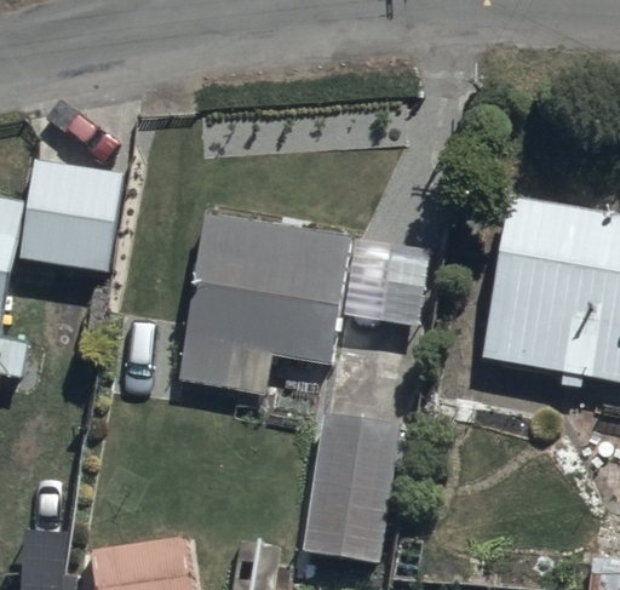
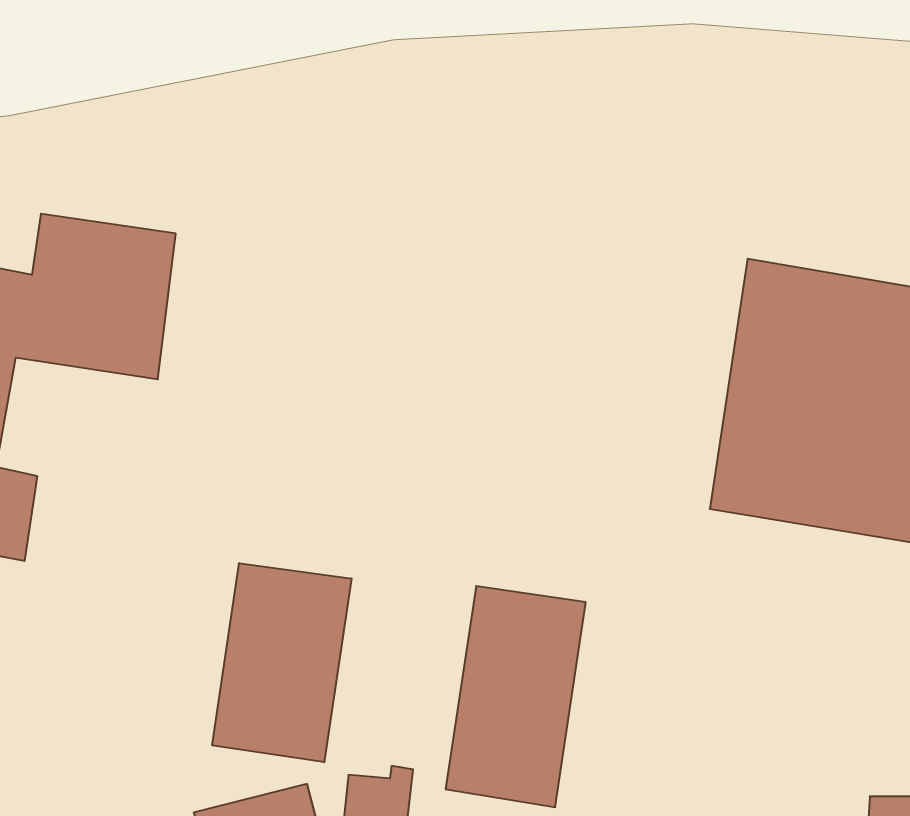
building: [179,212,351,395] -> none
building: none -> [212,563,352,762]

